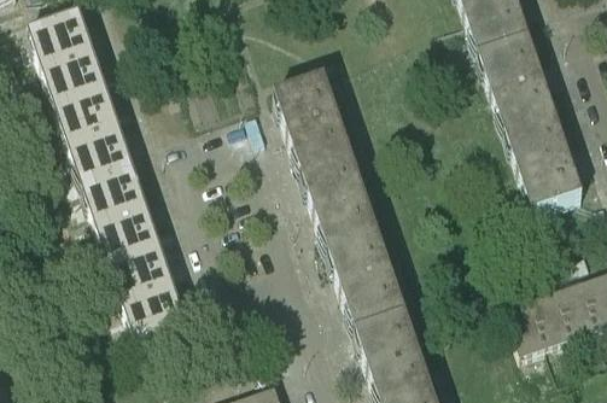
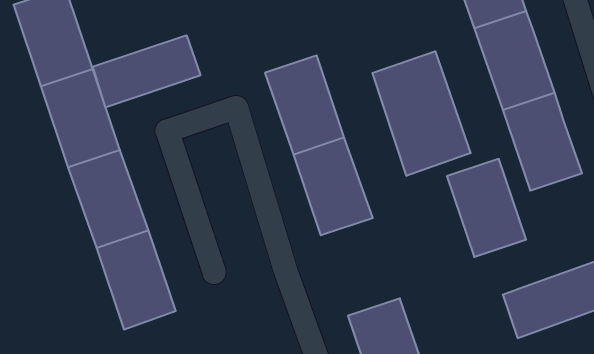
building: none -> [93,35,200,107]
building: none -> [372,51,471,176]
building: [328,235,405,331] -> [447,159,526,257]

